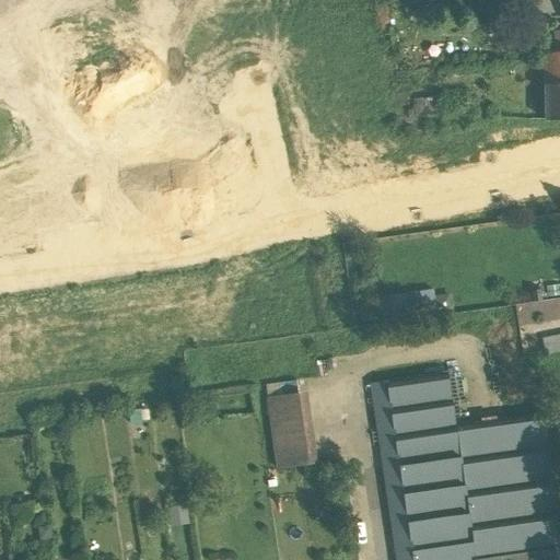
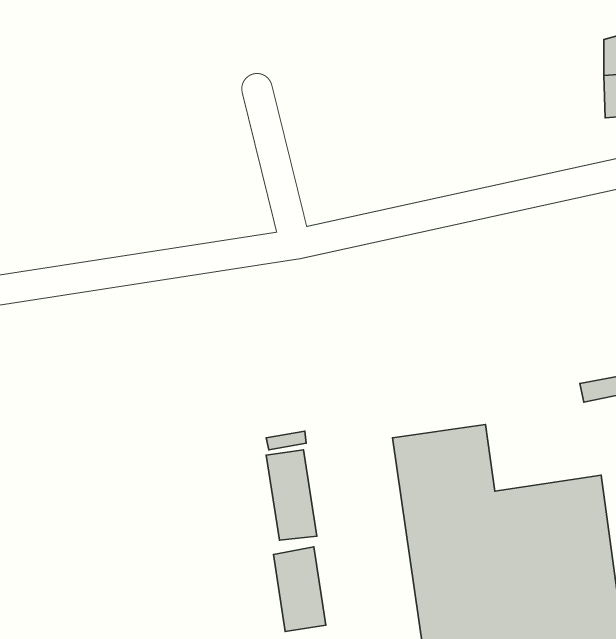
building: none -> [274,547,326,632]

